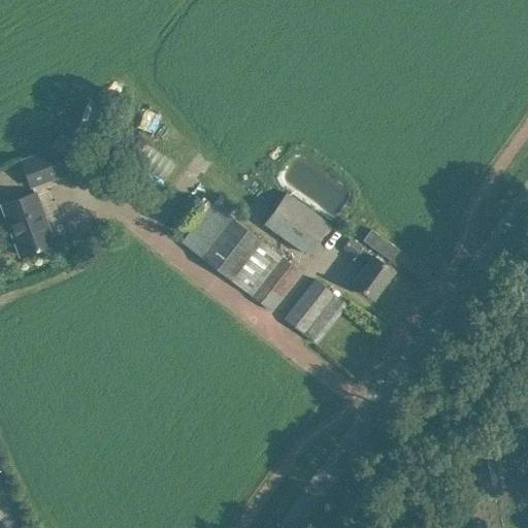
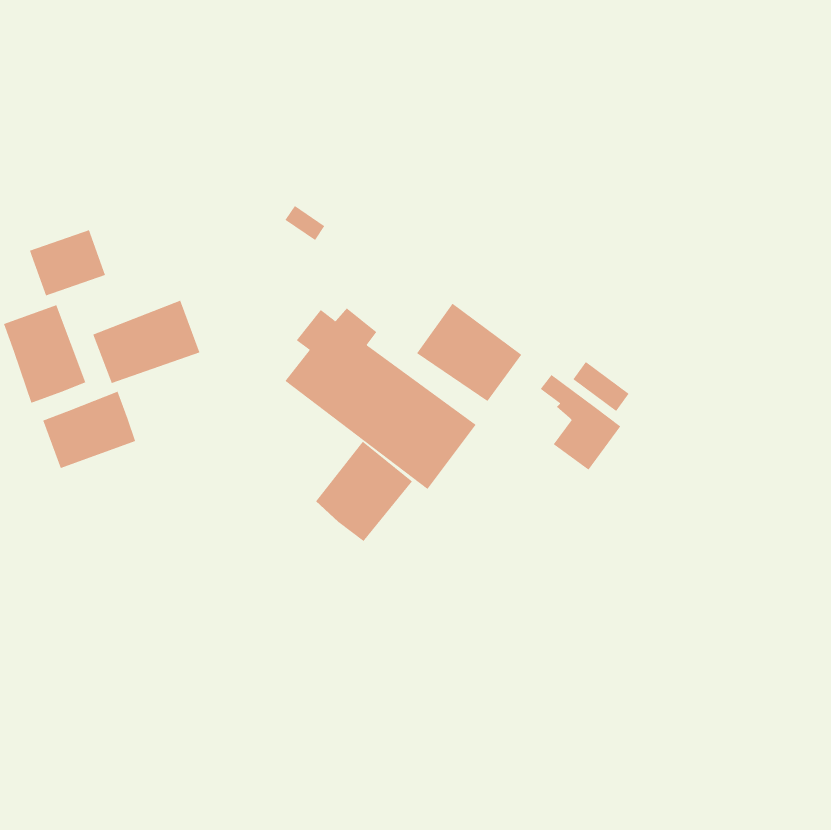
building: none -> [93,300,200,384]
building: none -> [42,391,136,469]
building: [285,279,346,343] -> [315,441,413,542]

